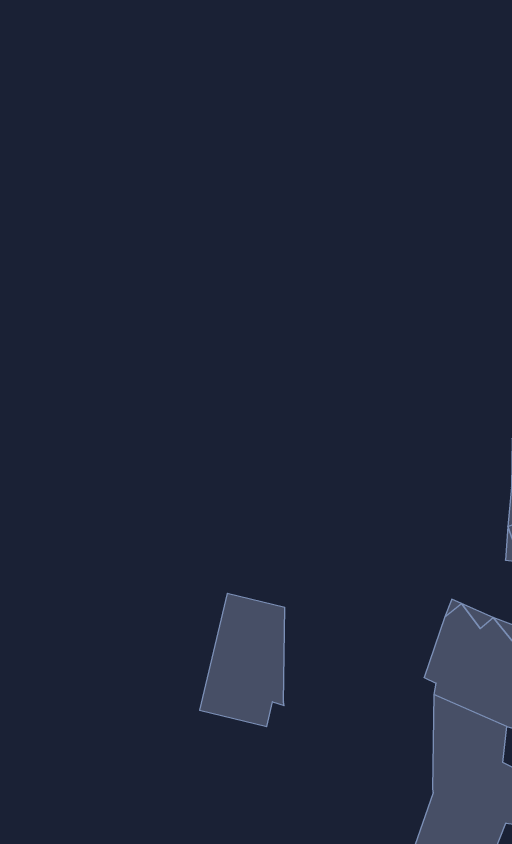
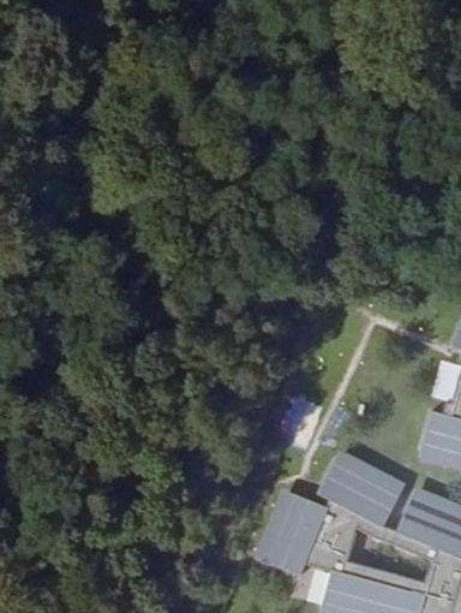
building: [200,593,285,727] -> [257,490,322,581]

